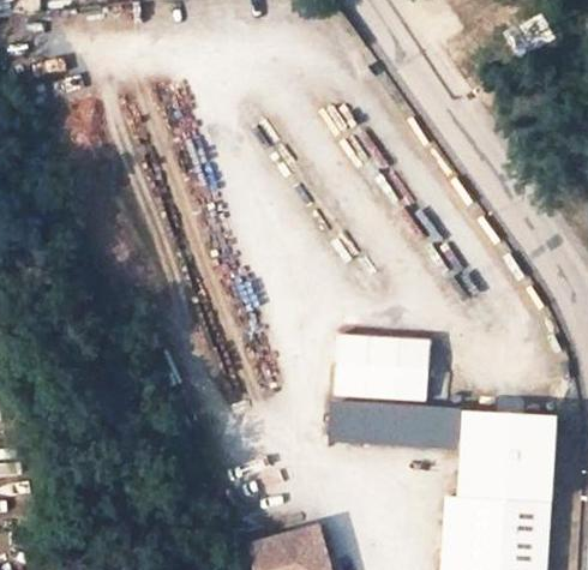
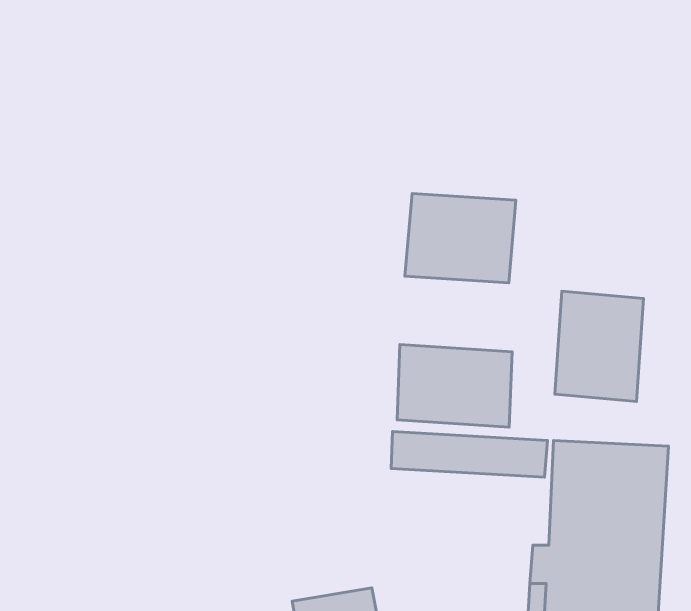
building: none -> [405,193,516,283]
building: none -> [555,291,643,401]

